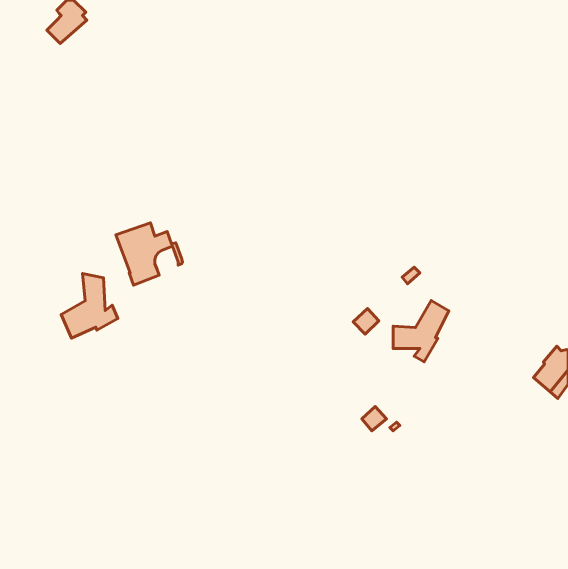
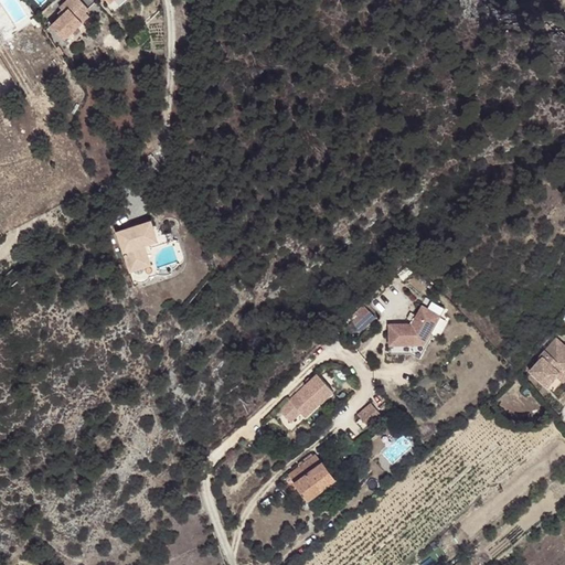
building: [61,273,118,338] -> none
building: none -> [278,369,332,417]
building: none -> [289,455,337,501]

